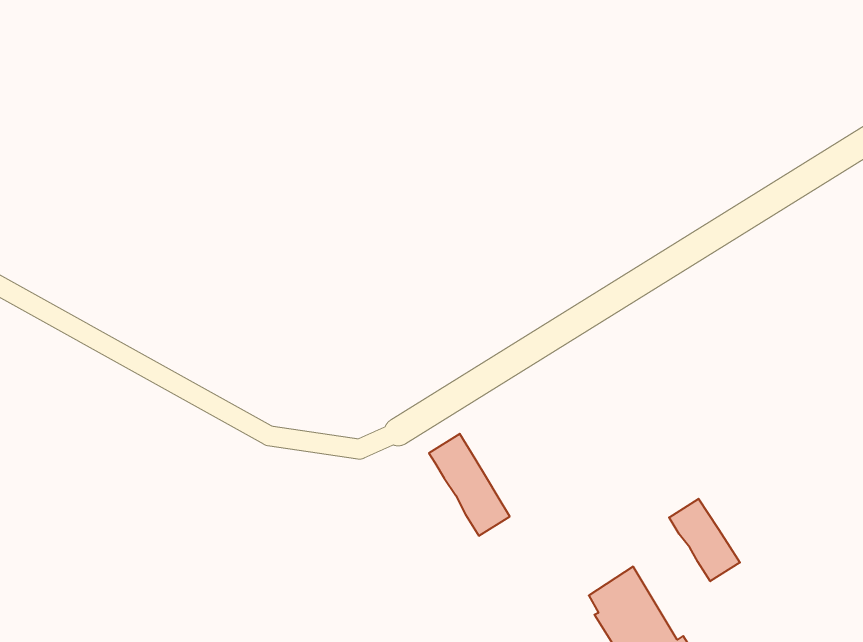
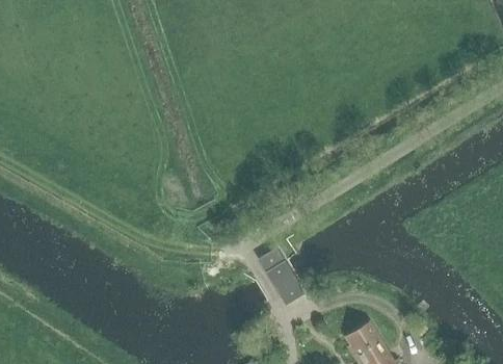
building: [669,499,740,581] -> none

